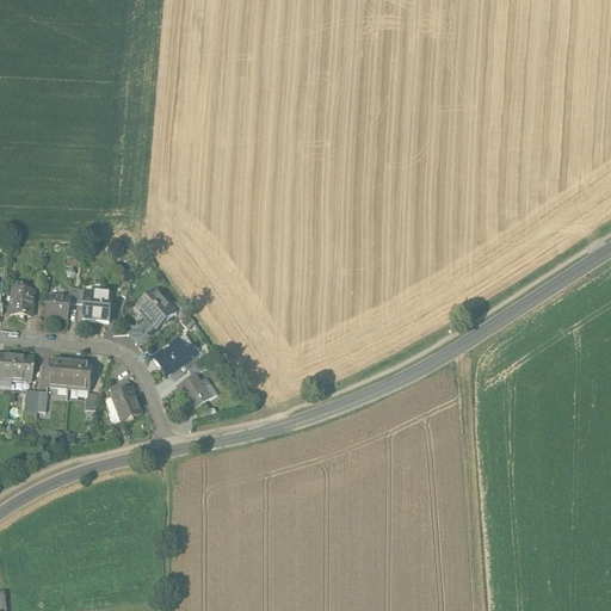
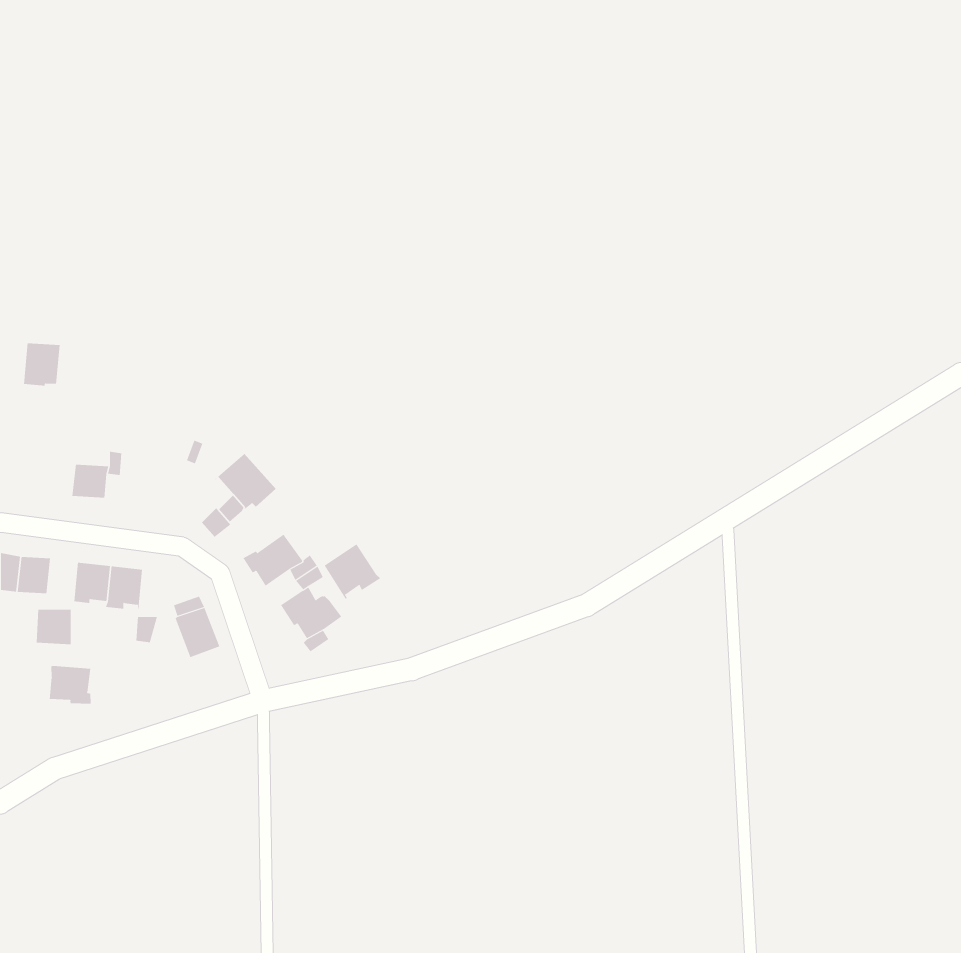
building: [8,288,32,315] -> [23,343,61,386]
building: [82,291,111,320] -> none
building: none -> [324,543,381,600]
building: none -> [49,665,91,705]

